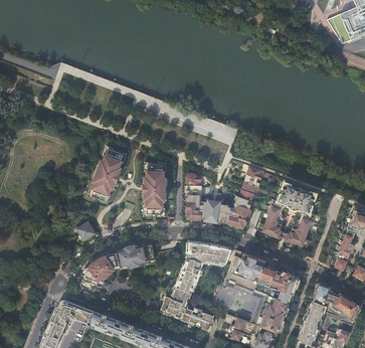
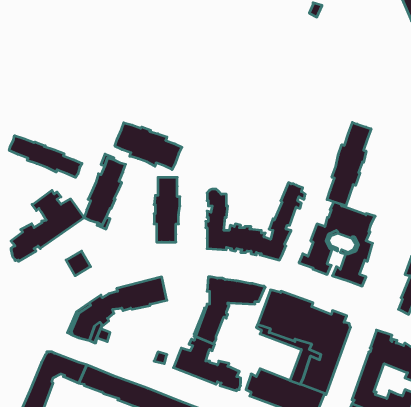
building: none -> [327,122,371,206]
building: none -> [115,123,182,170]
building: none -> [9,136,82,177]
building: none -> [11,190,84,261]

